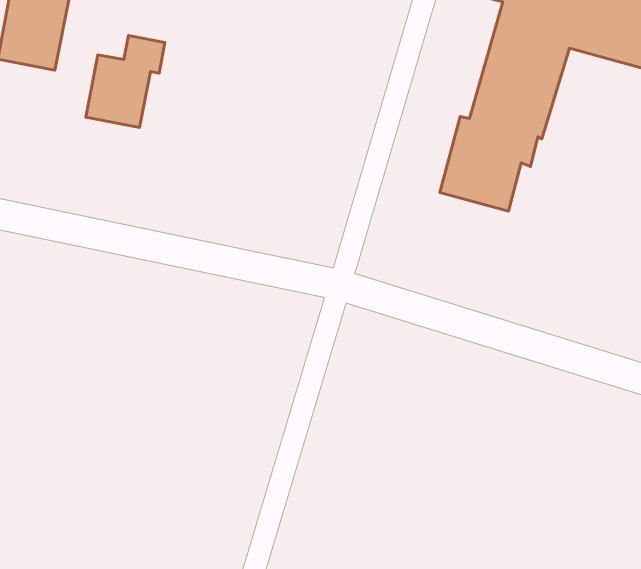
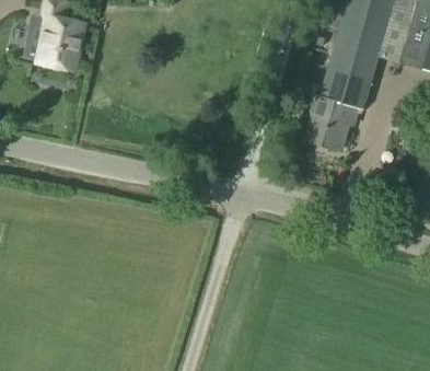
building: [86,35,165,128] -> none

